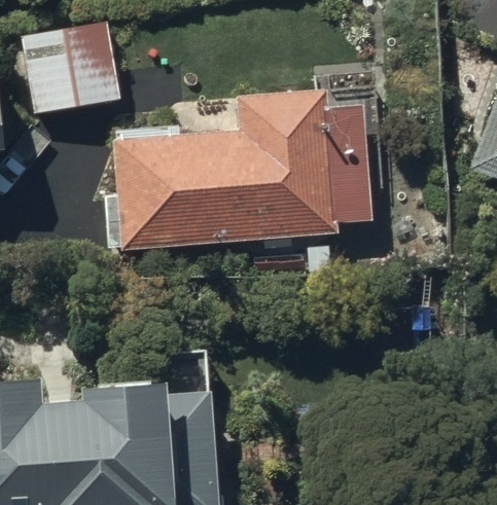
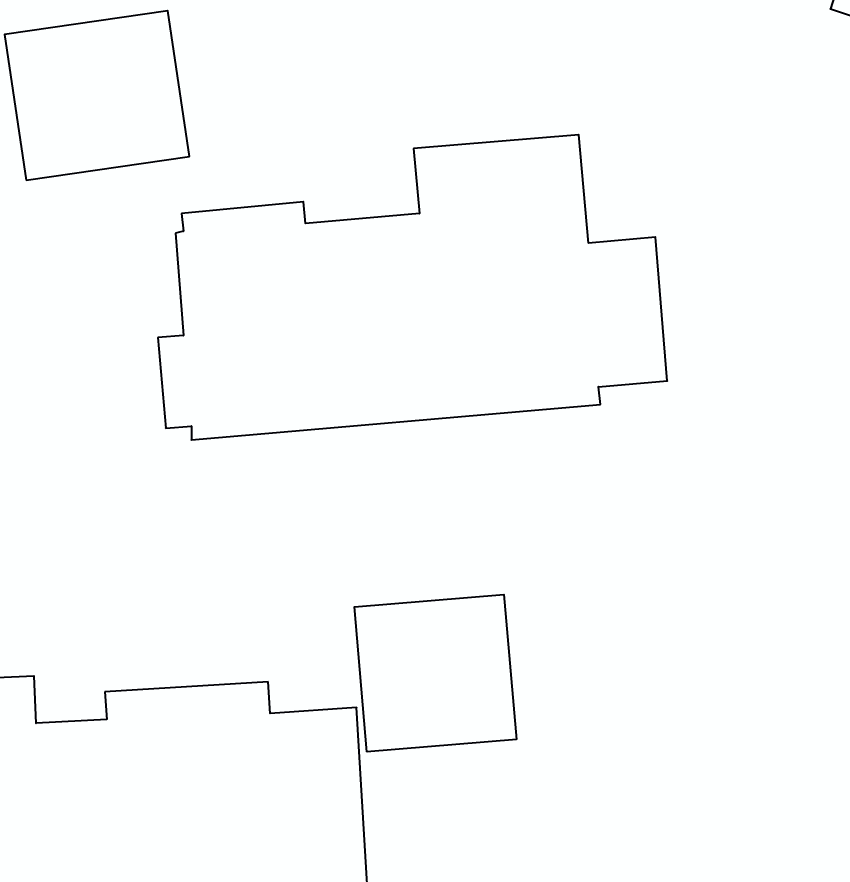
building: none -> [354,595,516,752]

